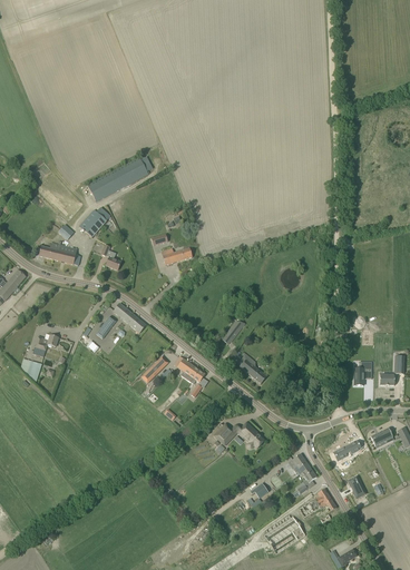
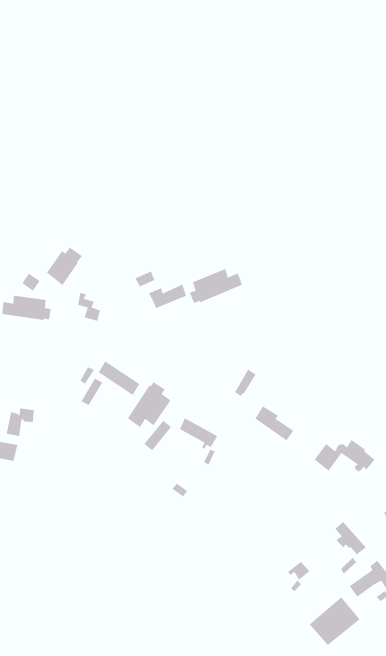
building: [87,157,148,202] -> none
building: none -> [189,268,243,304]
building: none -> [127,381,171,428]
building: [214,422,264,450] -> [314,439,375,472]

